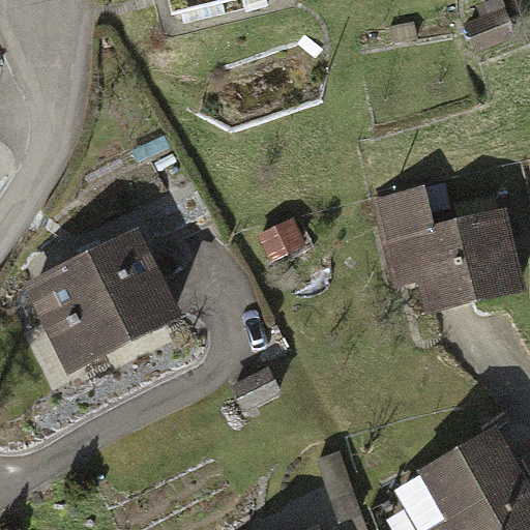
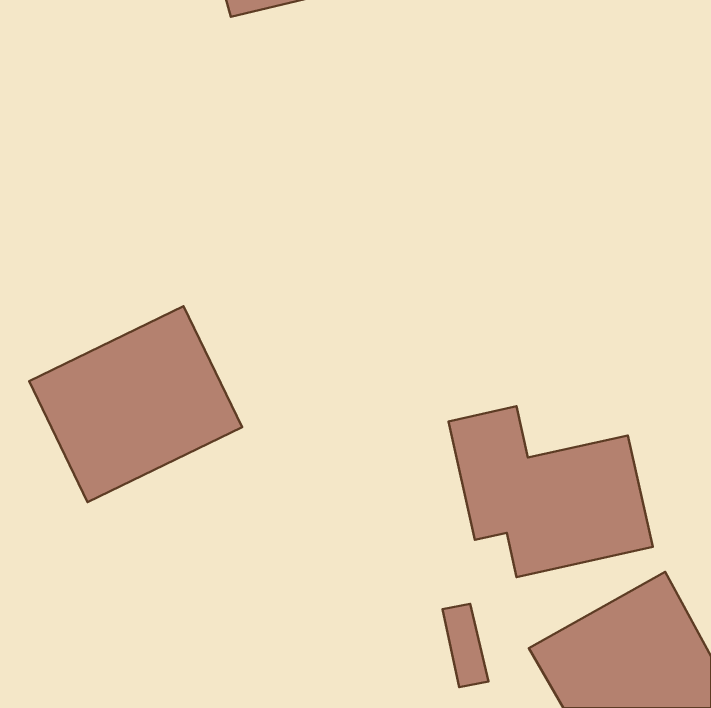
building: [373,187,525,315] -> [448,406,653,577]

